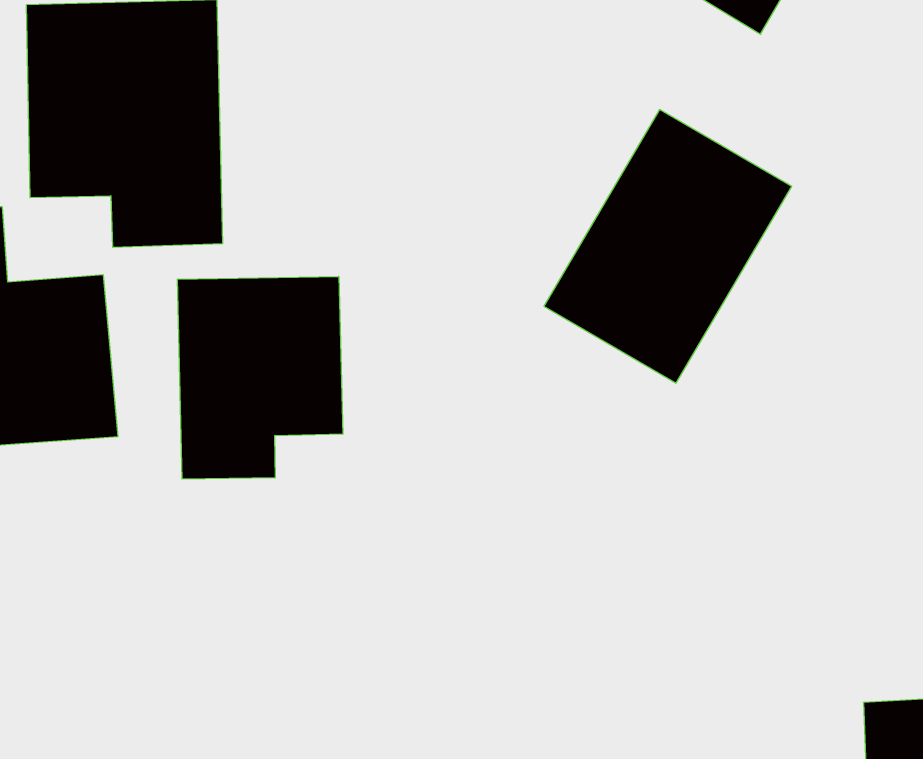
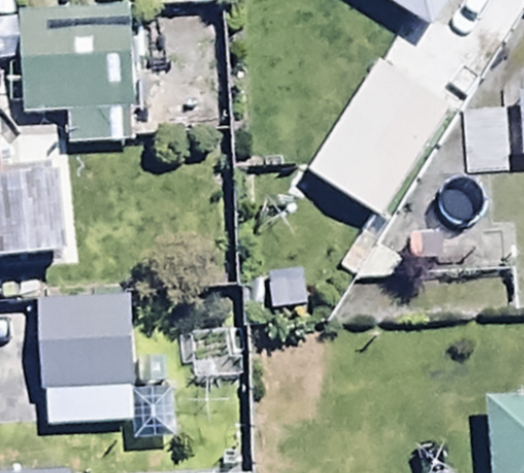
building: [178,276,343,479] -> none
building: none -> [35,285,136,416]

